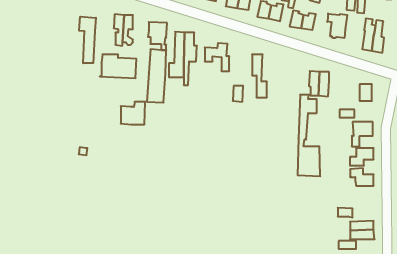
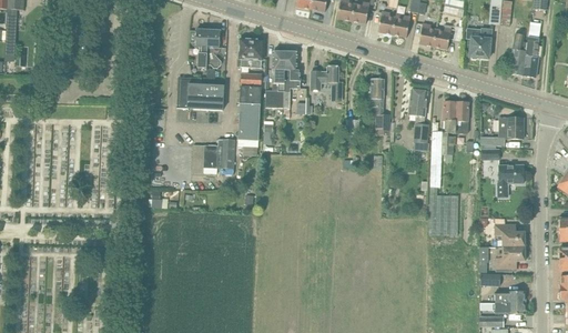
building: [79,17,96,63] -> none
building: none -> [408,89,428,142]
building: [350,148,374,166] -> [495,245,525,268]

